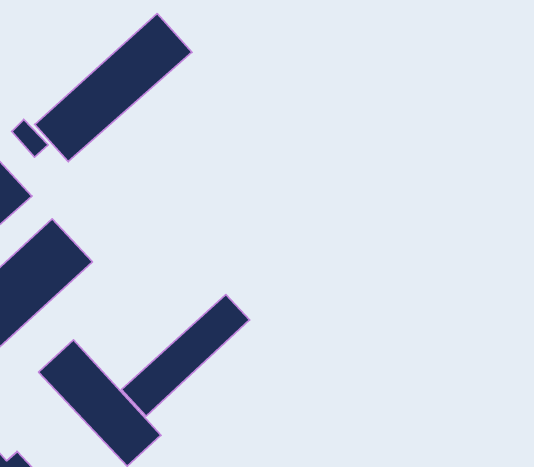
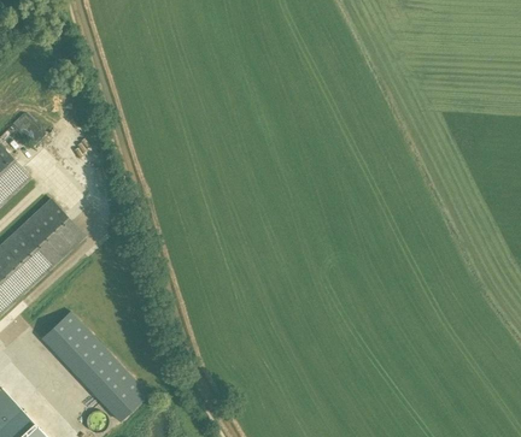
building: [35,14,192,162] -> none
building: [122,295,250,416] -> none

